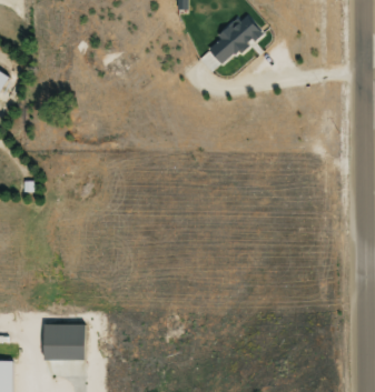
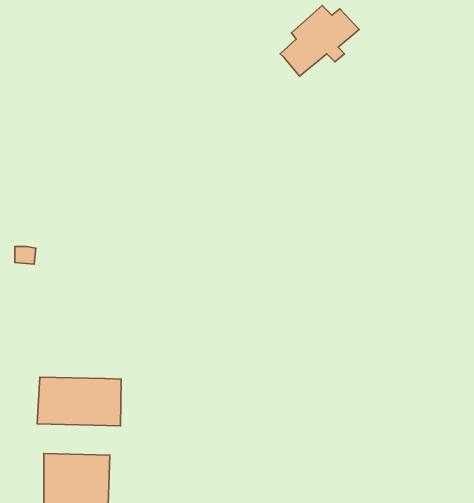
building: none -> [37,377,121,426]

